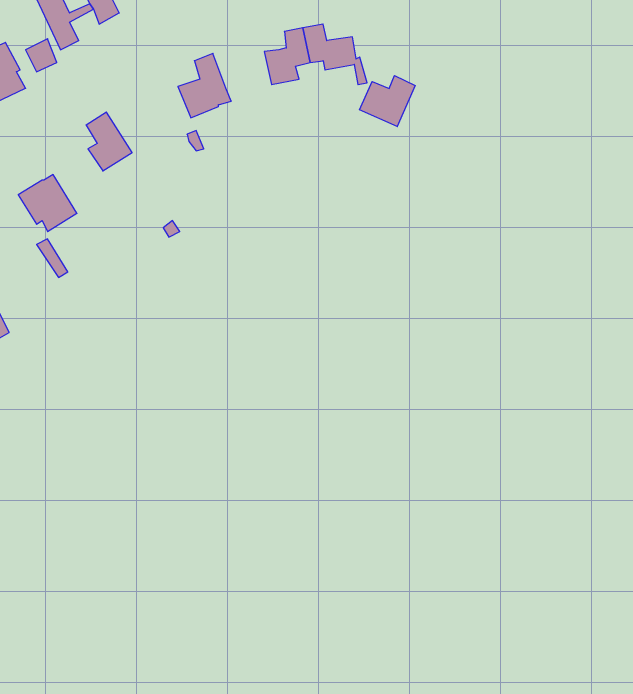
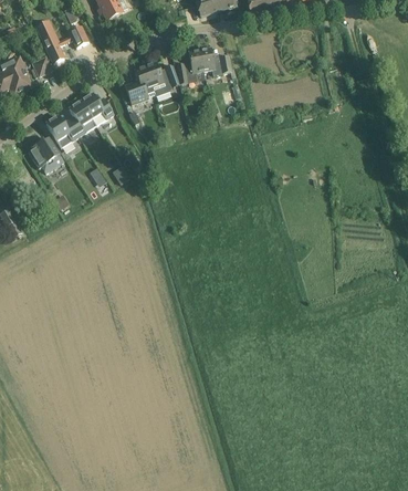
building: none -> [145,62,178,94]
building: [360,76,415,127] -> none
building: none -> [81,94,113,125]
building: none -> [45,115,79,147]

